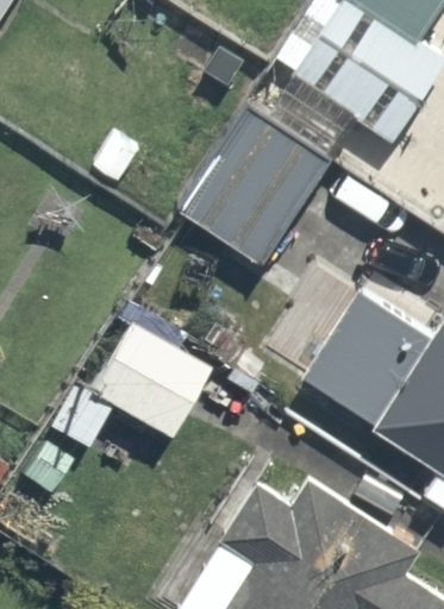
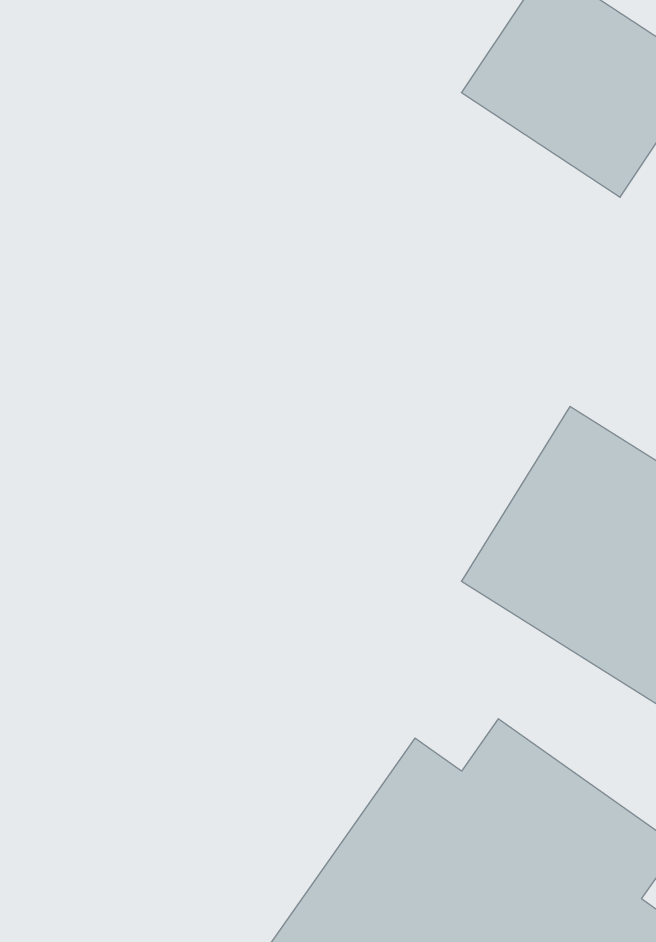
building: [175,101,345,275] -> none
building: [44,321,205,464] -> none

